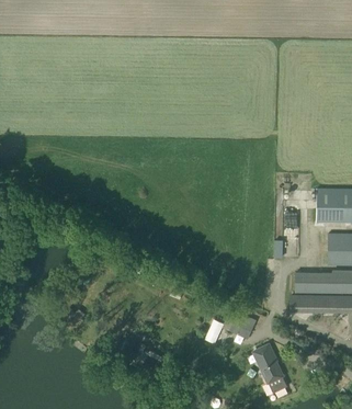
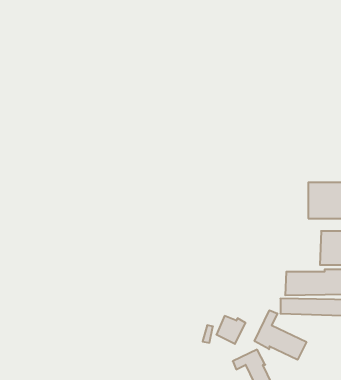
building: none -> [255,310,306,360]

